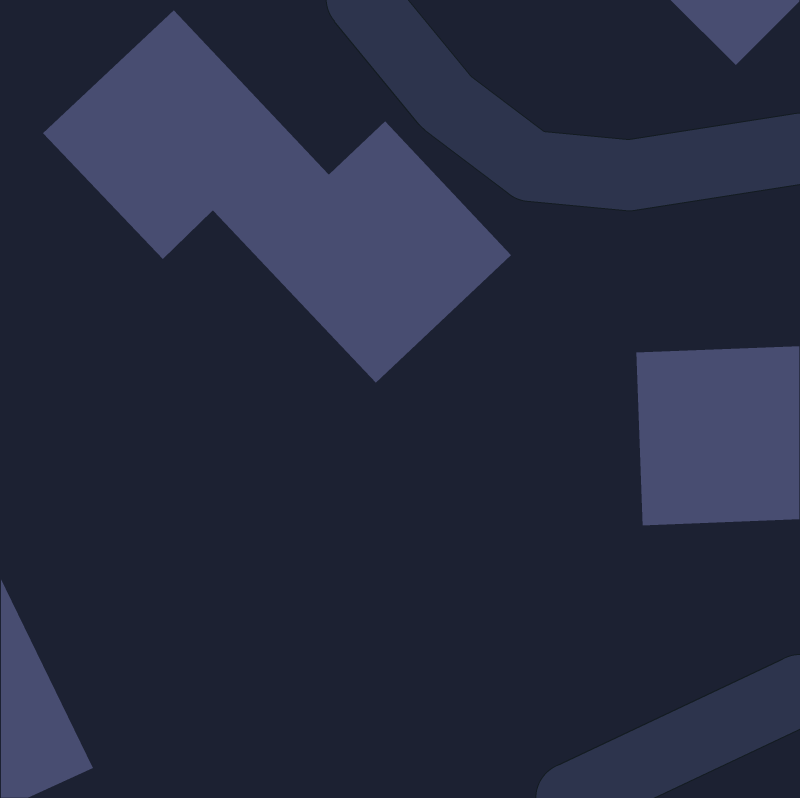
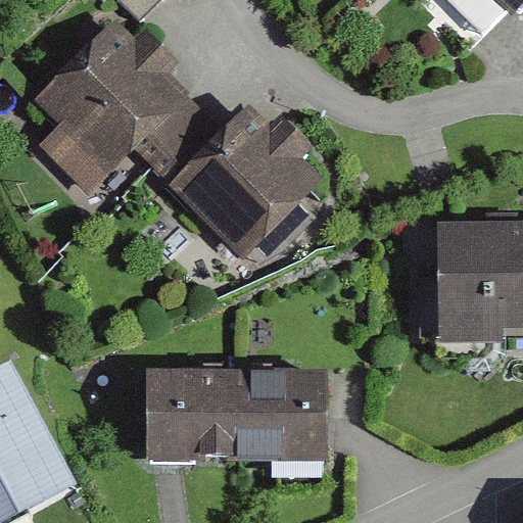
building: none -> [136,371,338,468]

